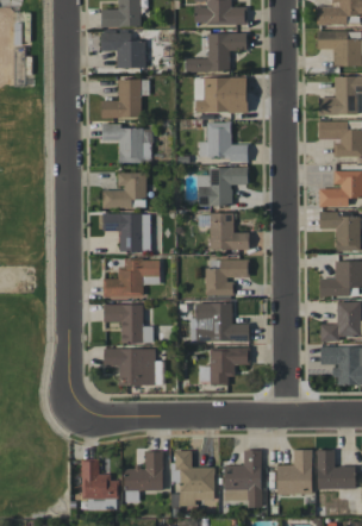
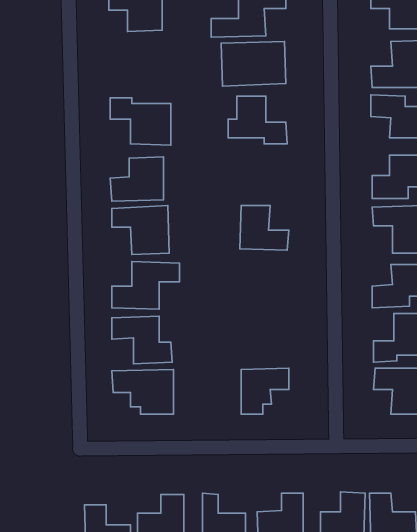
building: [102,79,149,117] -> none
building: [198,167,249,206] -> none
building: [206,258,249,295] -> none
building: [191,302,250,342] -> none

